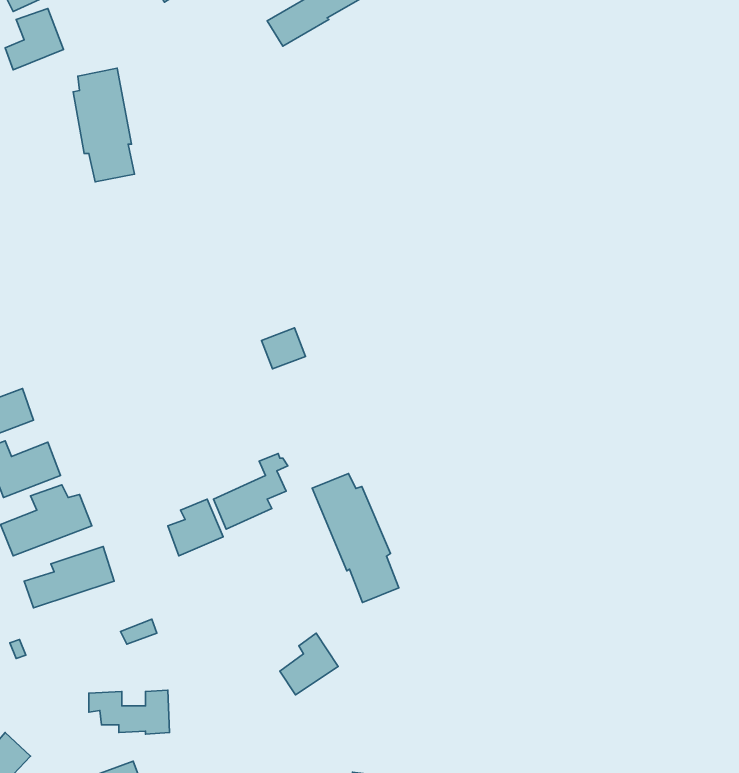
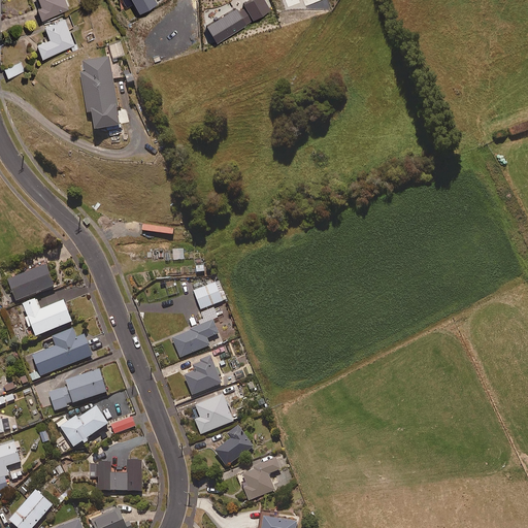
building: [261,328,306,369] -> [193,282,222,308]
building: [312,474,399,602] -> none
building: [168,499,223,556] -> [185,357,221,394]
building: none -> [195,394,233,433]
building: none -> [60,405,107,446]
building: none -> [238,457,280,499]

